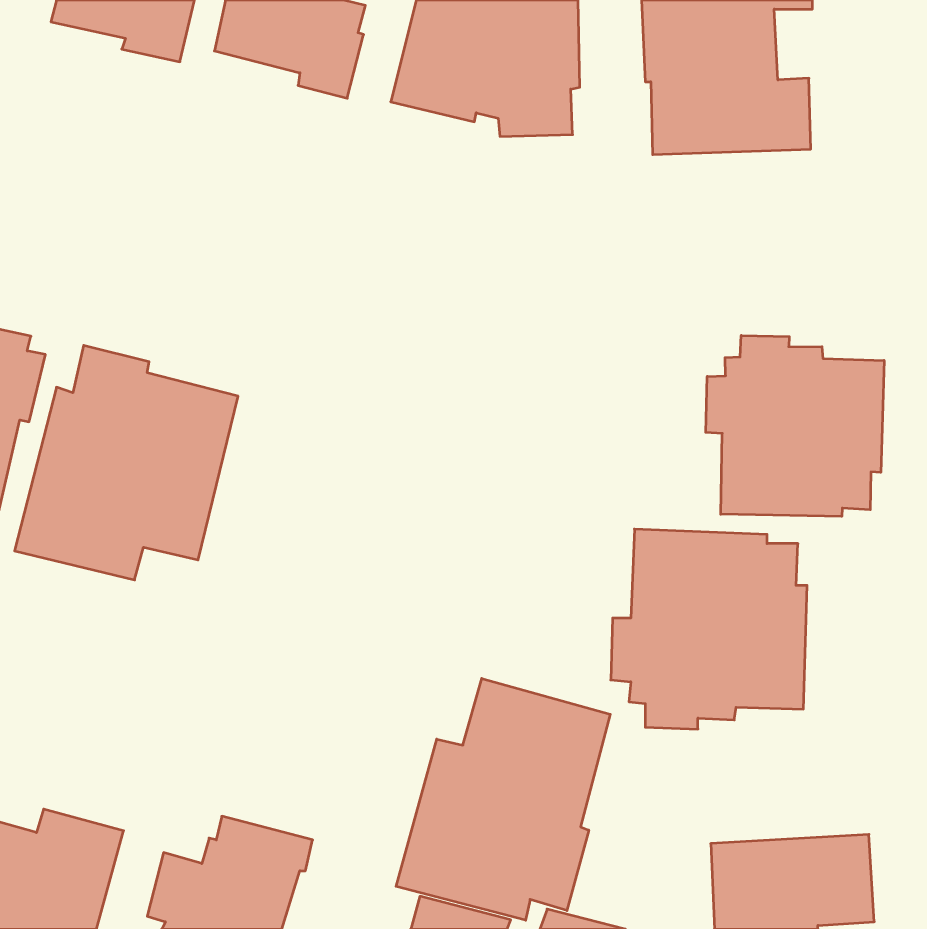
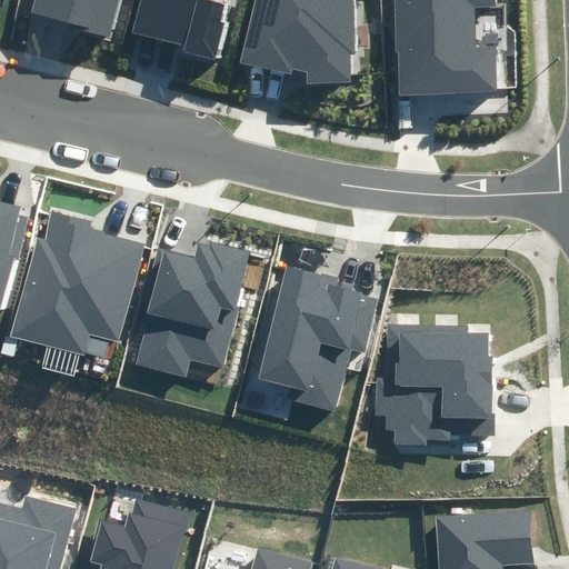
building: [706,335,884,516] -> none
building: none -> [133,240,249,379]
building: none -> [259,267,379,411]
building: [396,678,610,920] -> none

